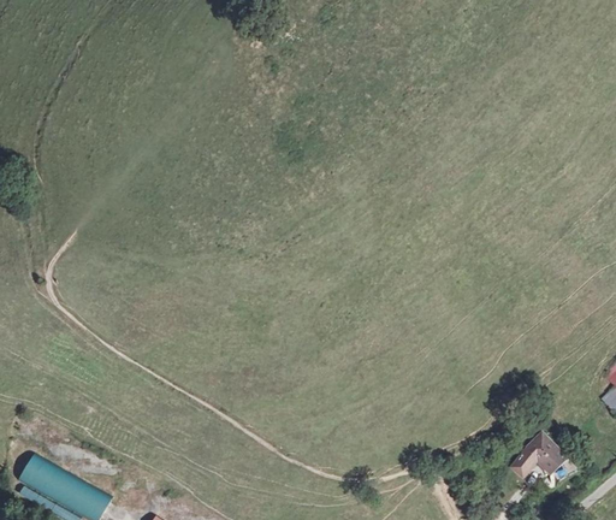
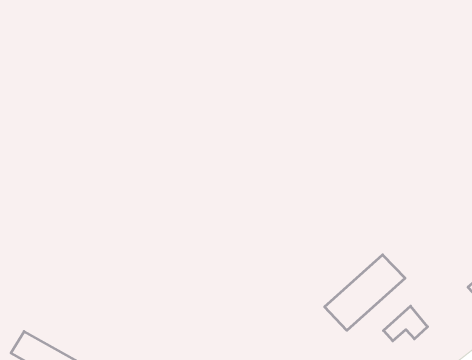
building: none -> [325,255,405,330]

